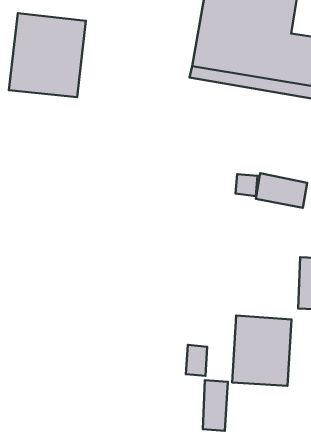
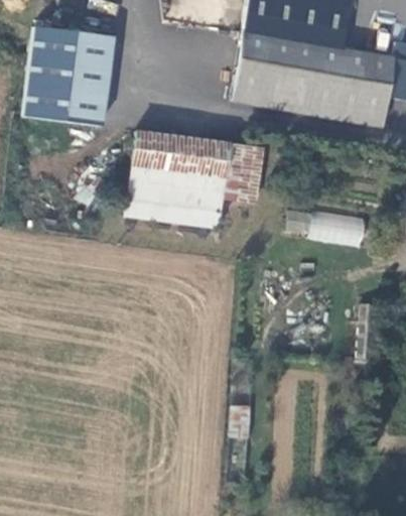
building: none -> [128,132,265,225]
building: [232,315,291,386] -> none
building: [203,380,228,431] -> none

